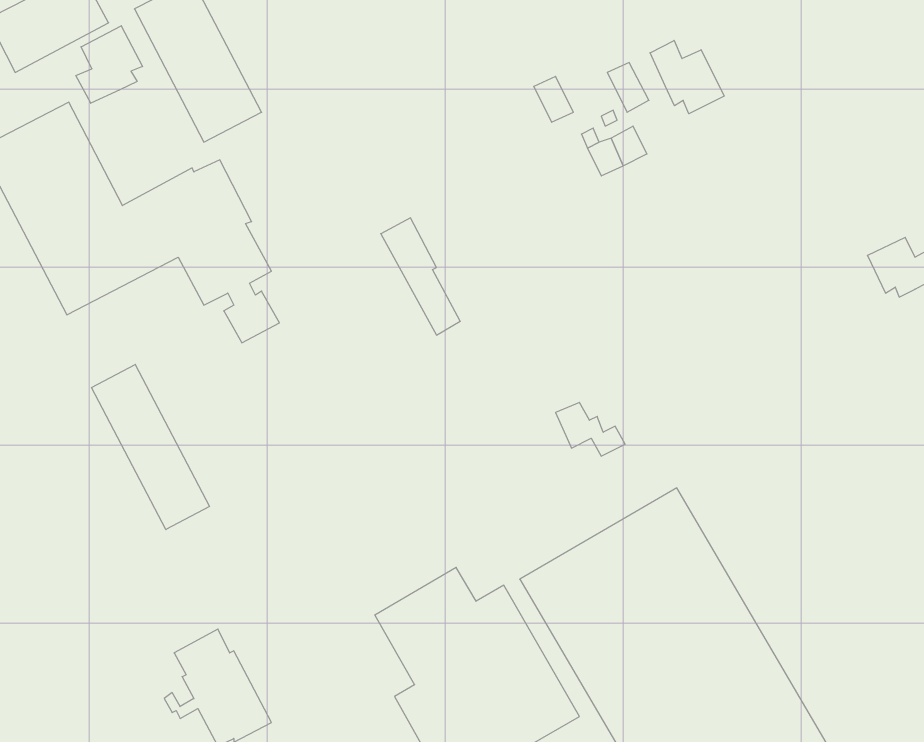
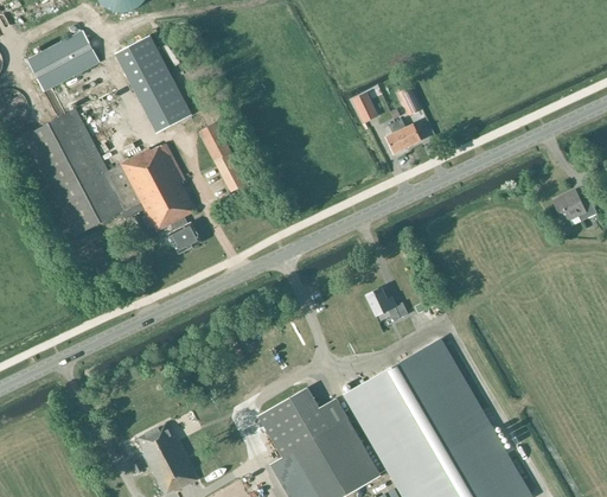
building: [76,26,143,103] -> none
building: [650,40,724,114] -> none
building: [381,218,460,335] -> [198,122,245,192]
building: [92,364,209,530] -> none

